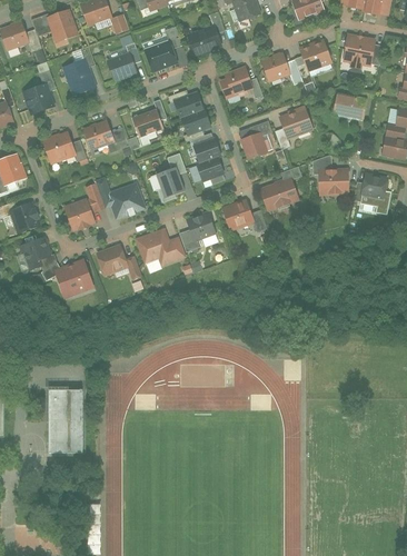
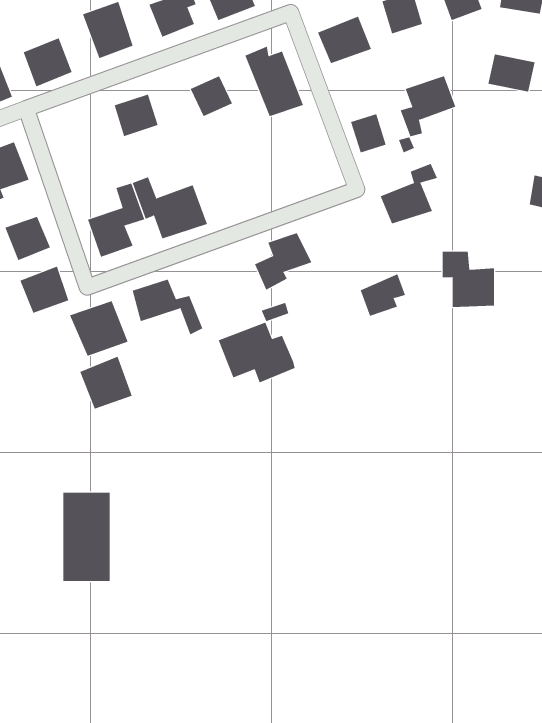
building: [42,132,75,162] -> none
building: [191,138,224,183] -> none
building: [312,157,348,195] -> [442,251,495,307]
building: [156,167,183,201] -> none
building: [221,200,252,229] -> [360,274,406,317]
building: [133,226,186,267] -> [218,322,296,383]
building: none -> [80,356,132,410]

